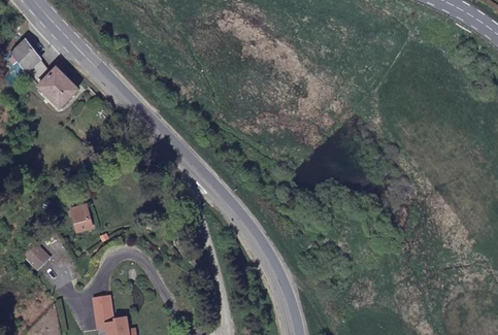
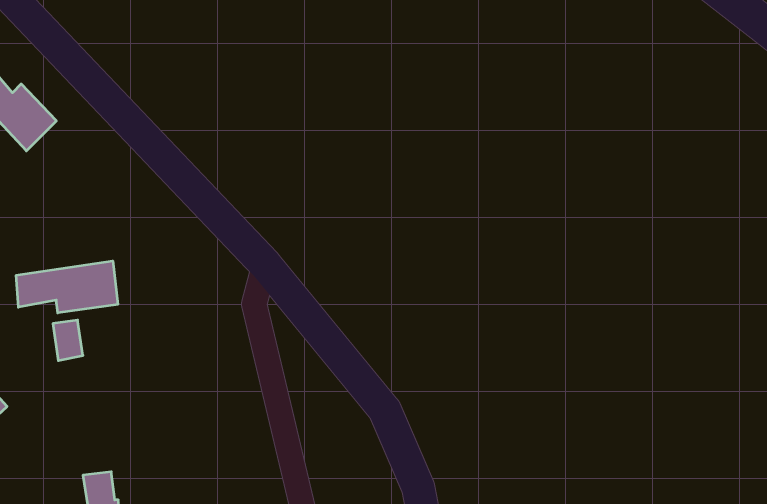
building: none -> [16,261,118,313]

